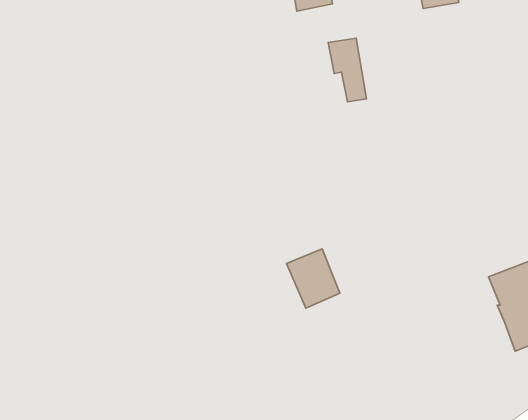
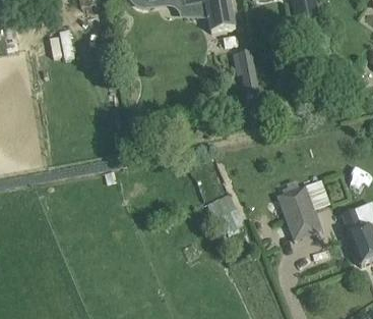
building: none -> [277,187,320,241]

